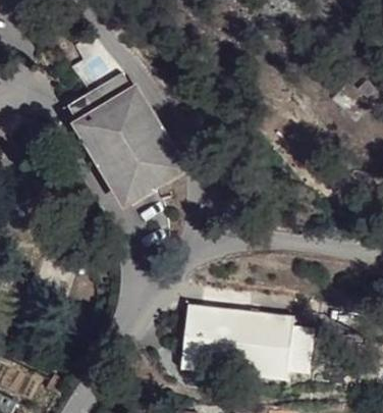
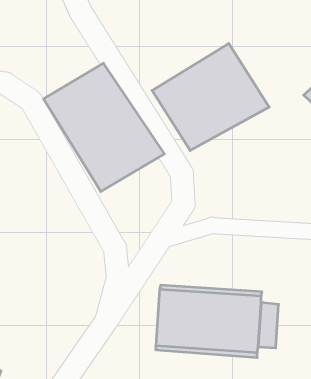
building: none -> [152,43,269,151]

